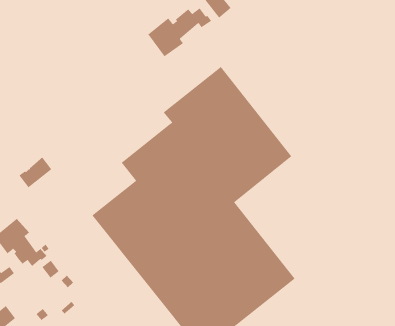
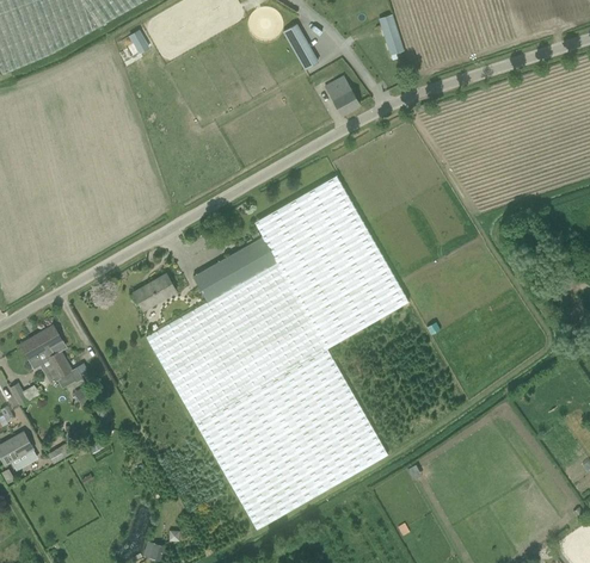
building: [148,7,212,57] -> none
building: [19,156,52,188] -> [133,273,176,310]

